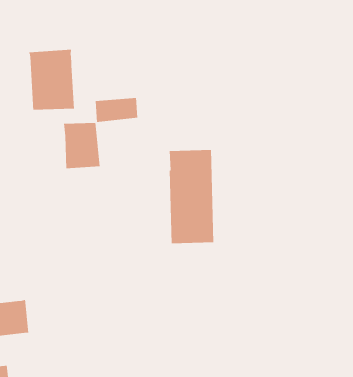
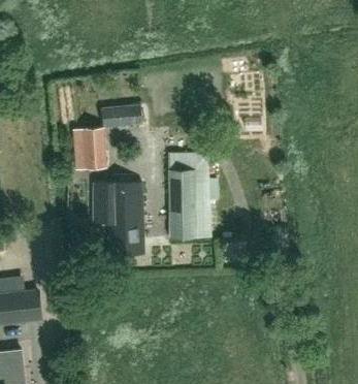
building: [29,49,75,111] -> none
building: none -> [94,183,144,255]

